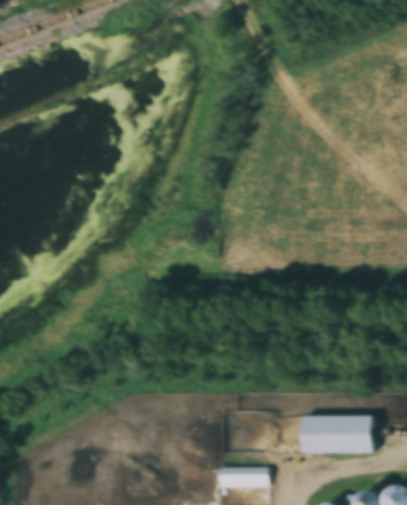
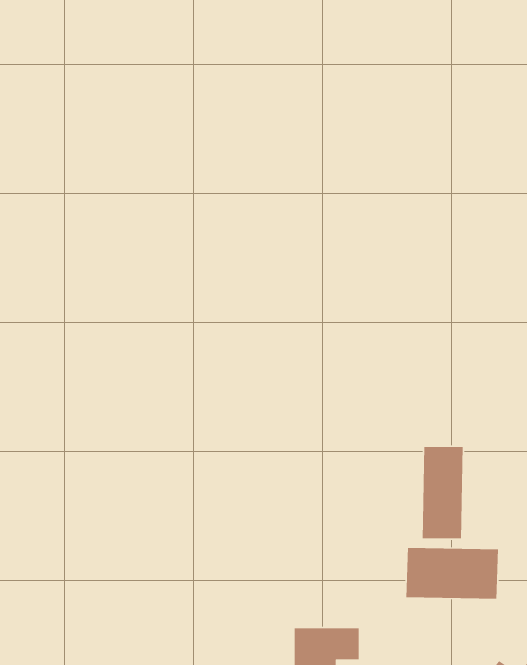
building: none -> [422,446,464,539]

